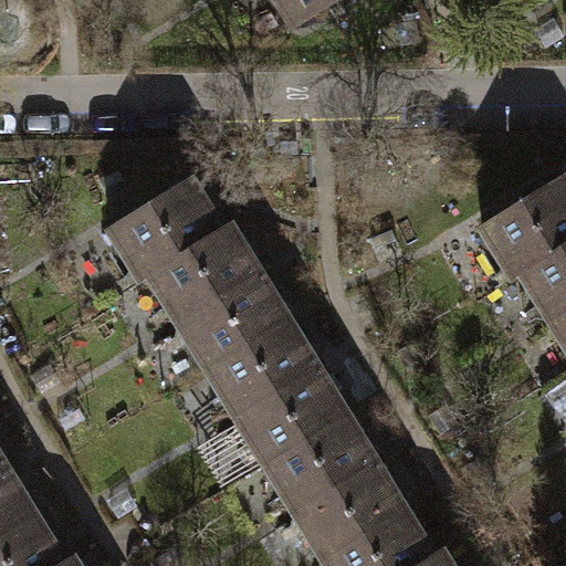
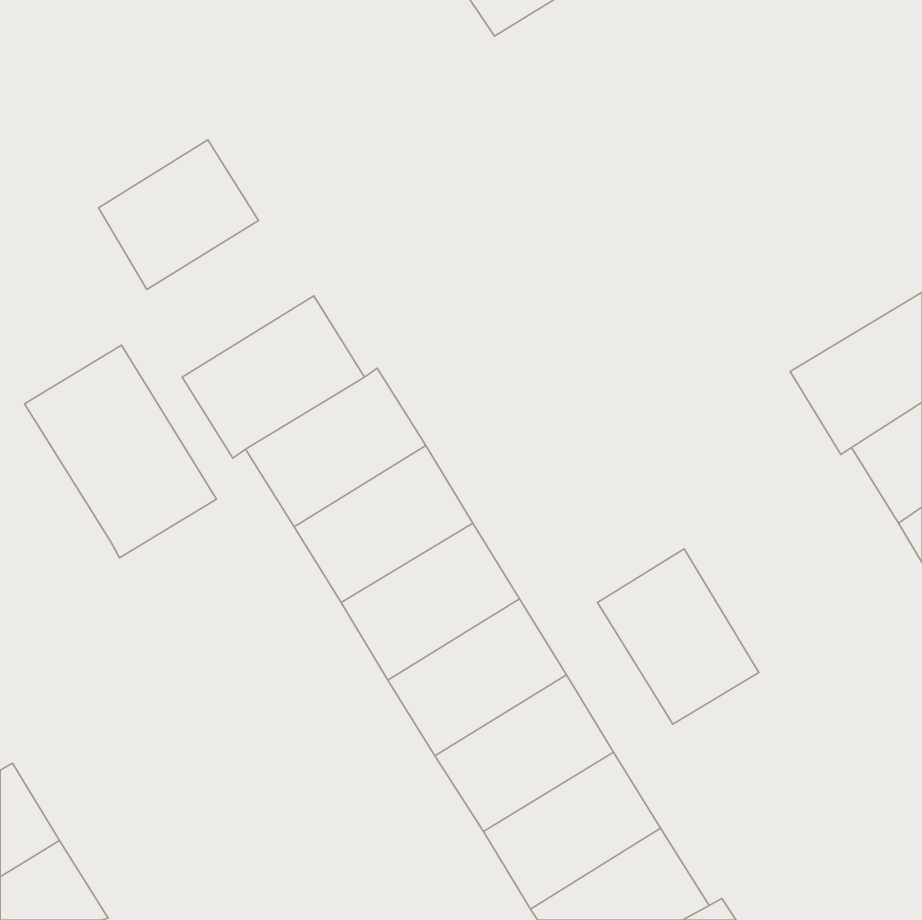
building: none -> [98,140,258,289]
building: none -> [24,345,217,558]
building: none -> [597,549,759,724]

